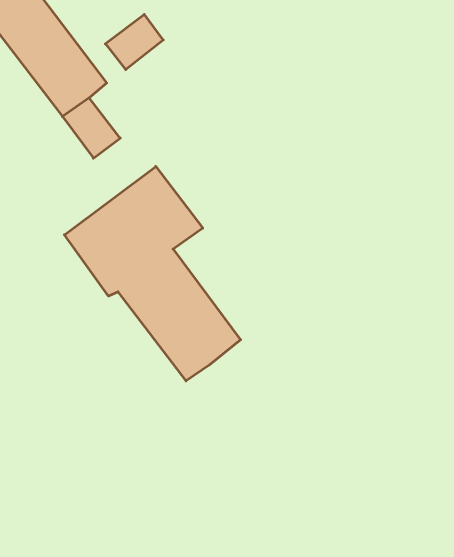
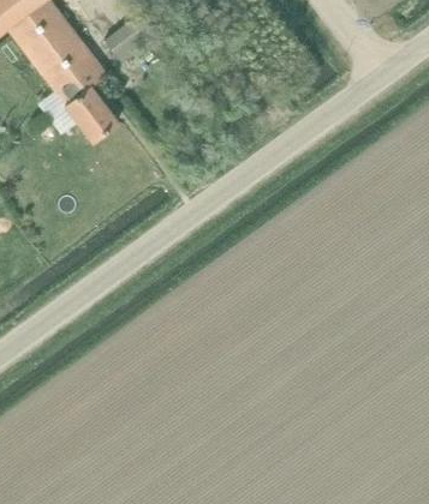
building: [64,166,241,381] -> none

